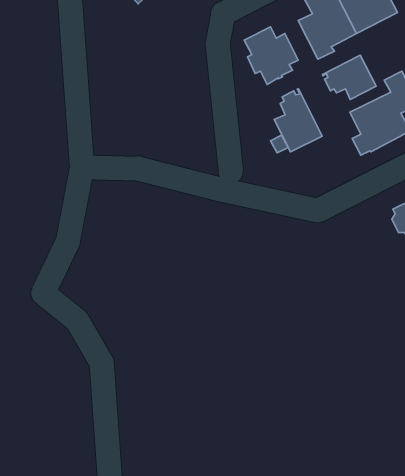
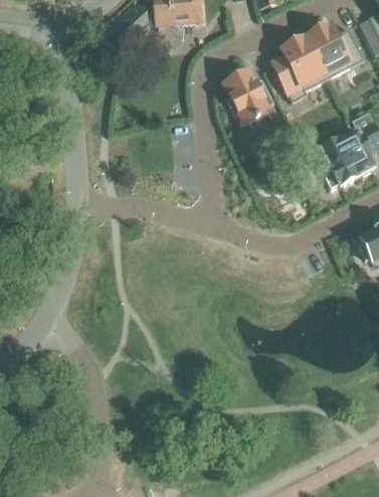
building: [323,55,376,100] -> none
building: [274,89,322,152] -> none

